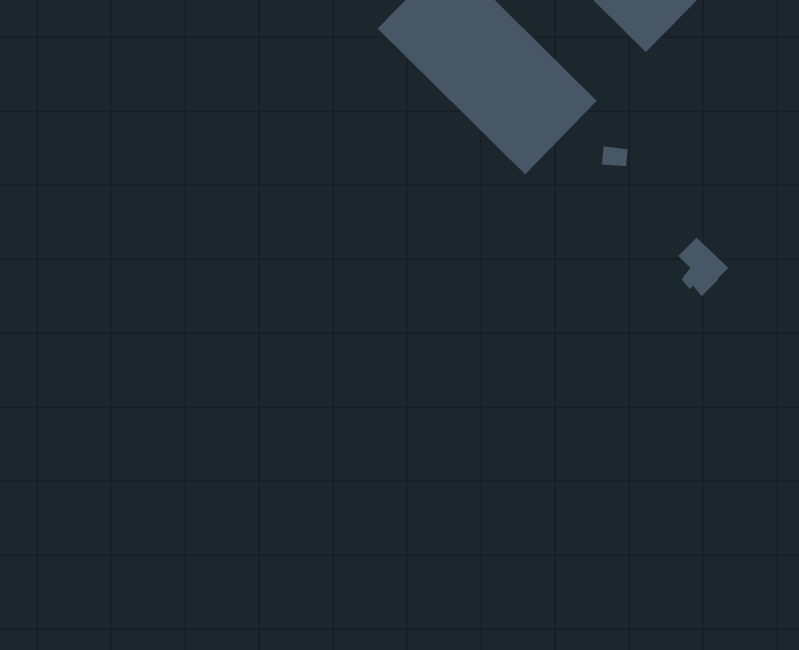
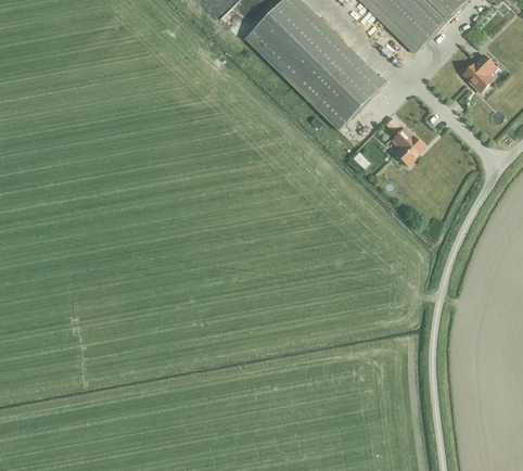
building: none -> [462,53,494,91]
building: [677,237,729,297] -> [391,127,423,165]

